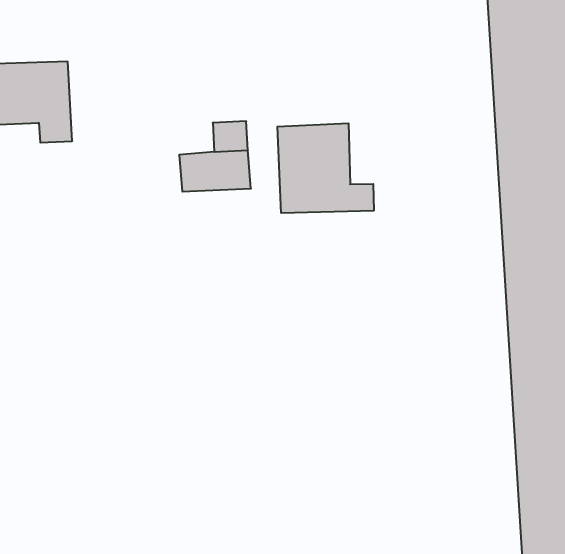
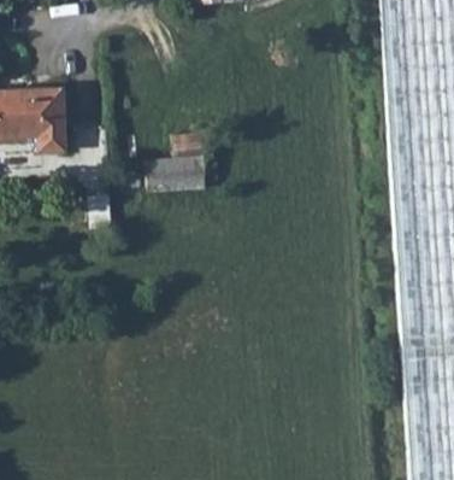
building: [277,123,374,213] -> none

